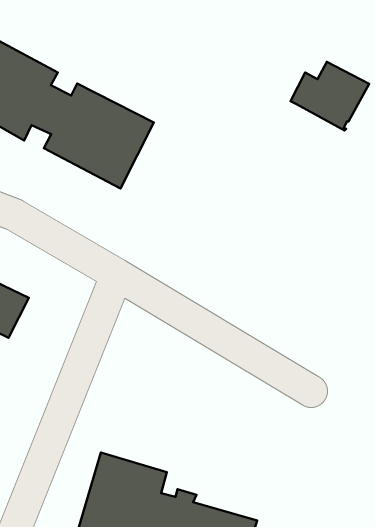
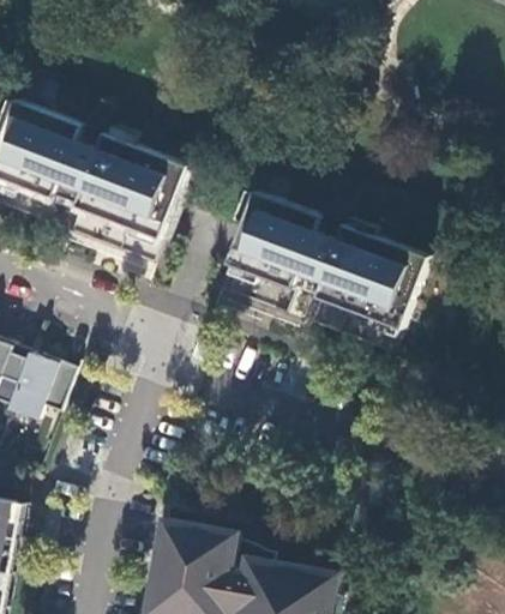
building: [291,62,369,131] -> none
building: none -> [220,192,422,332]

